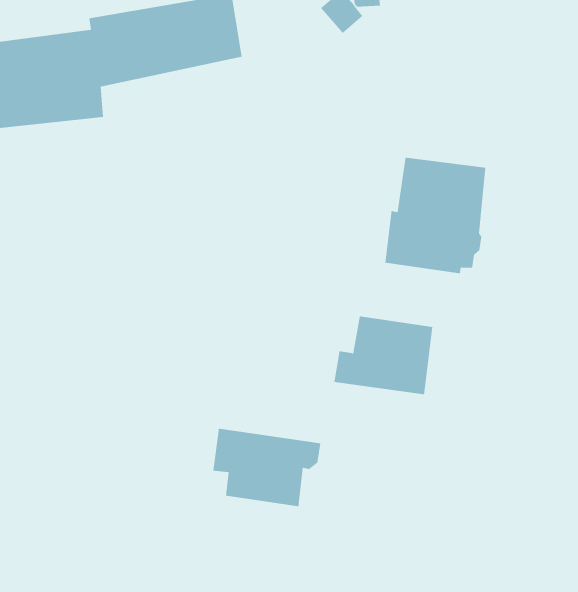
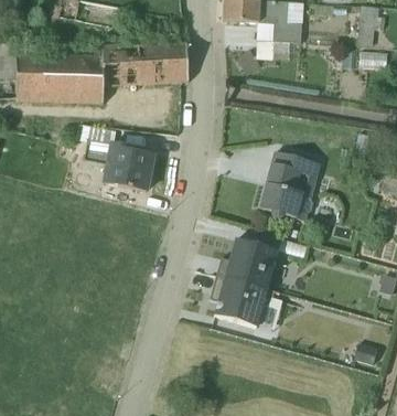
building: none -> [81,124,155,191]
building: [212,428,321,507] -> [210,275,275,327]

